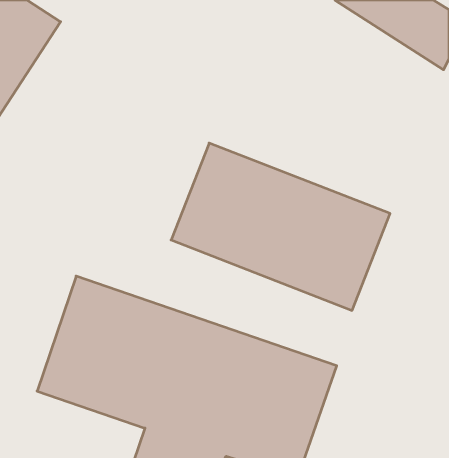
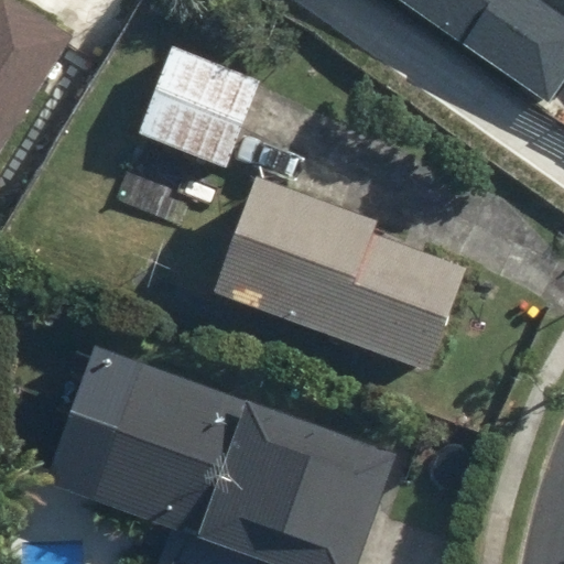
building: none -> [132,45,262,175]

